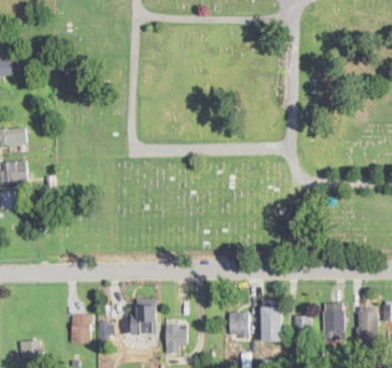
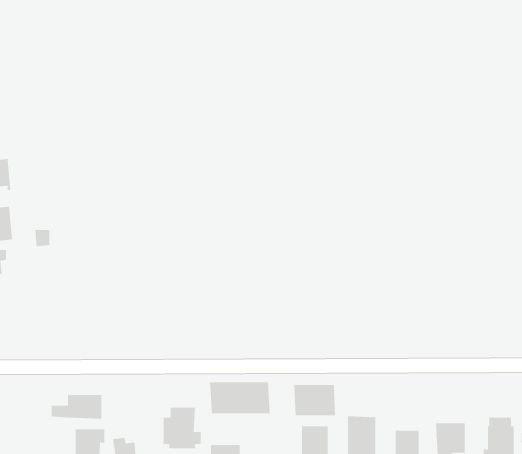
building: none -> [210,381,270,414]
building: none -> [294,384,335,416]
building: none -> [51,394,102,419]

